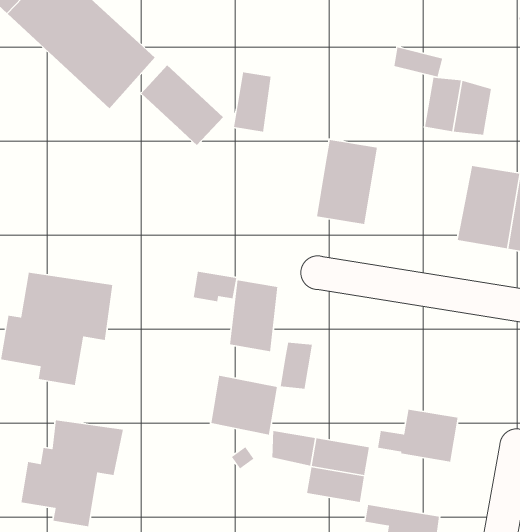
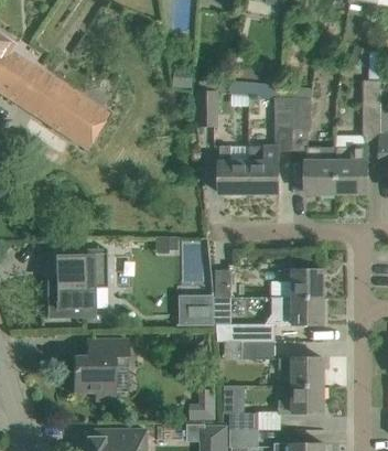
building: [140,65,224,146] -> none
building: [233,71,272,133] -> [200,92,218,126]
building: none -> [250,146,280,193]
building: none -> [280,270,325,298]

